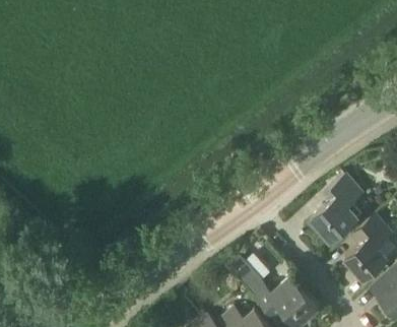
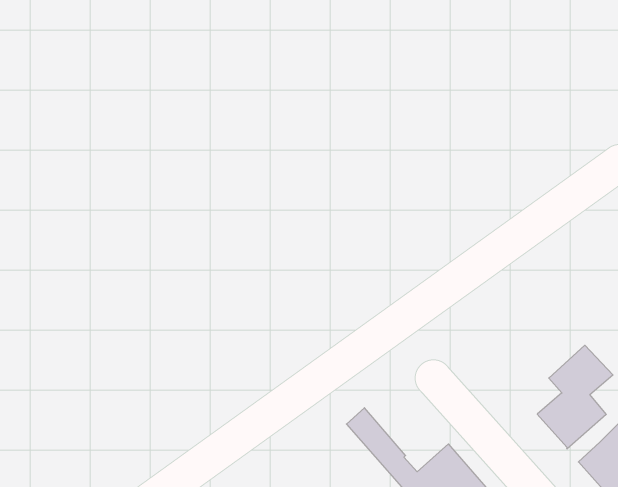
building: [311,176,362,244] -> none

